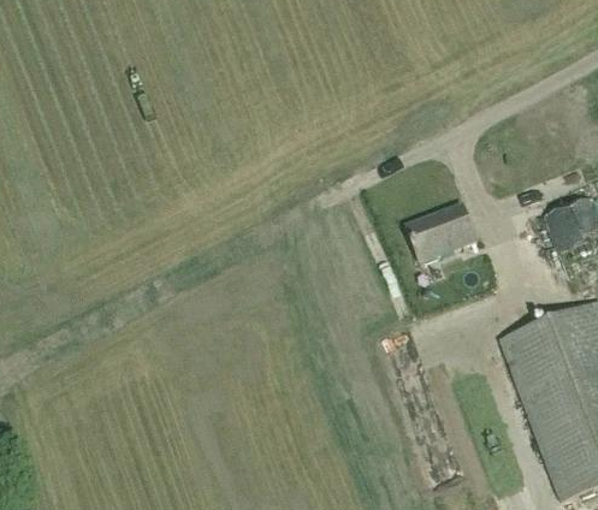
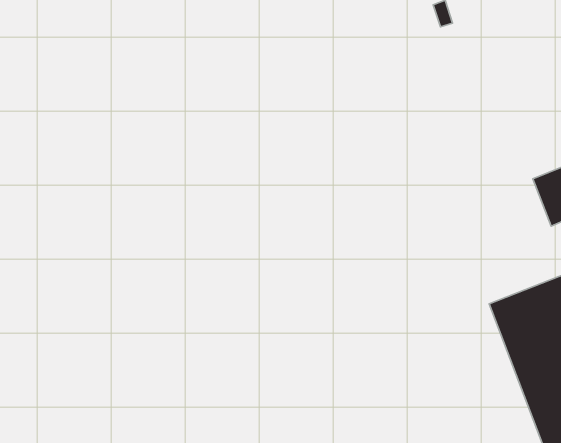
building: [405,202,475,260] -> none

